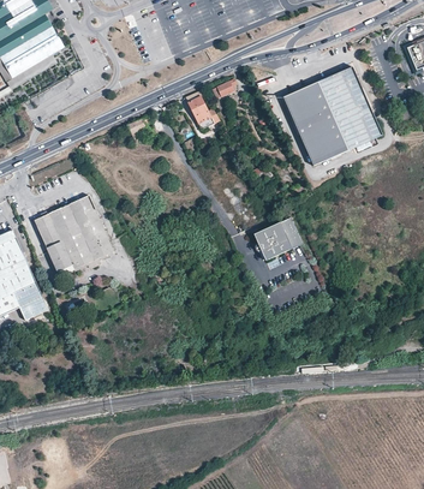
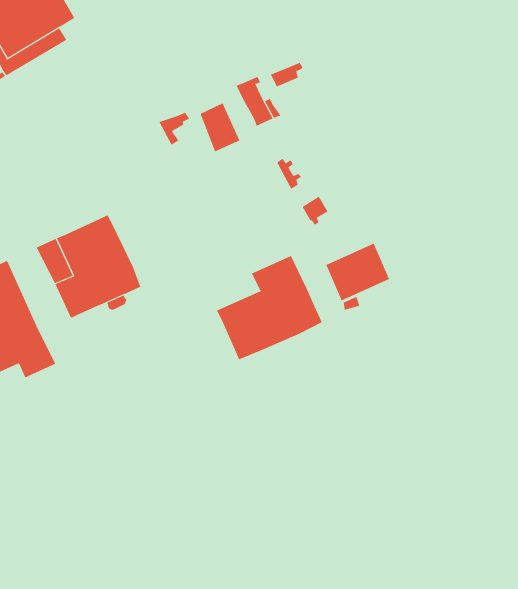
building: [282,66,382,165] -> none
building: none -> [200,102,240,152]
building: none -> [216,255,322,360]

